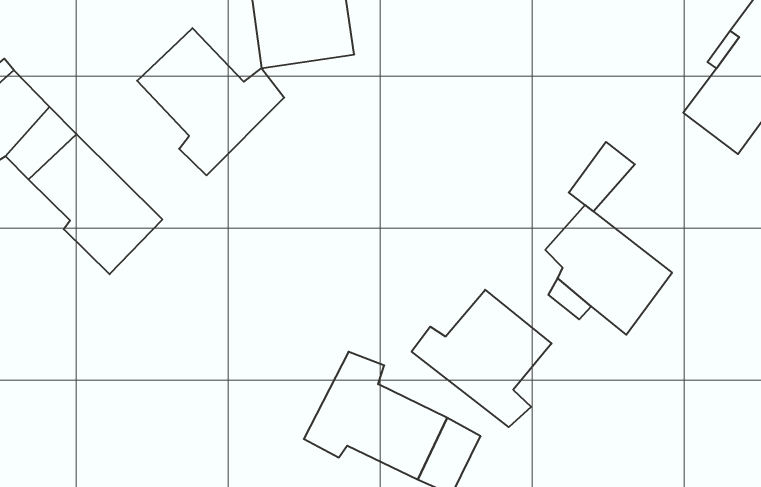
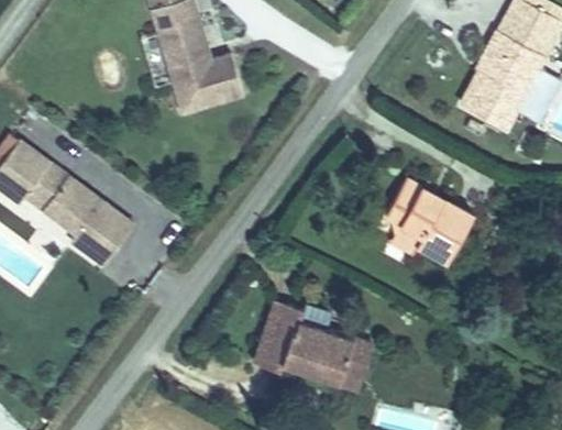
building: [137,28,284,175] -> none
building: [569,142,635,211] -> none
building: [412,290,552,427] -> none

